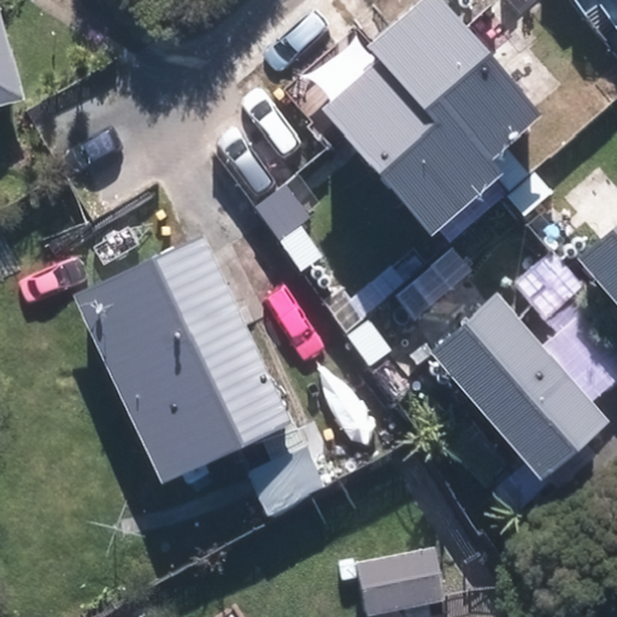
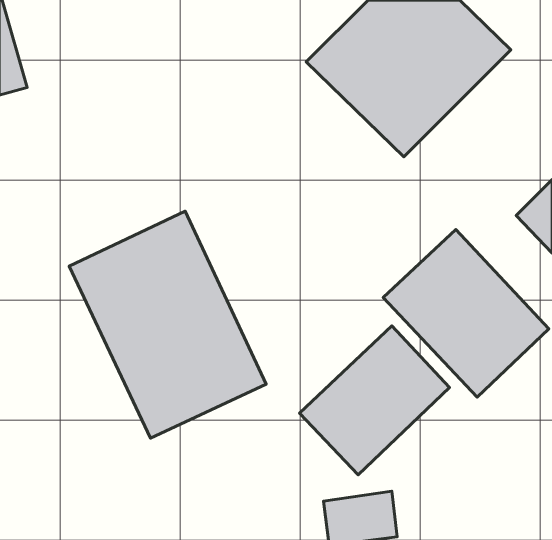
building: none -> [300,326,450,475]

